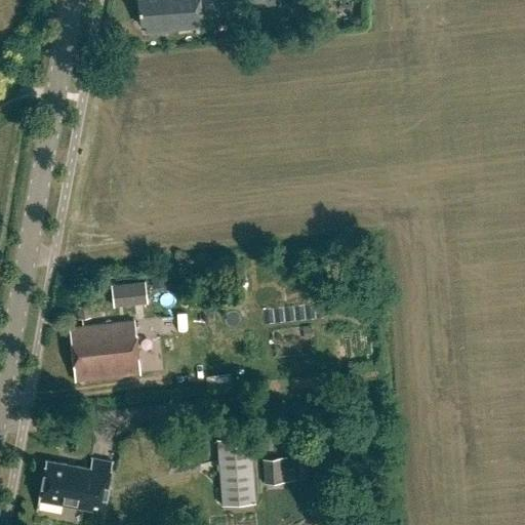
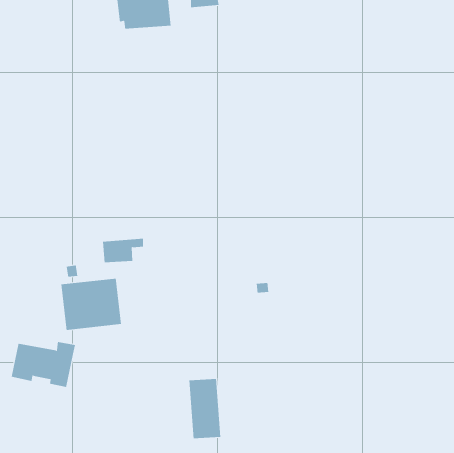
building: [262,456,295,482] -> none
building: [39,459,114,513] -> [11,341,76,388]

